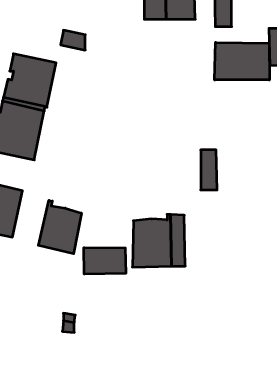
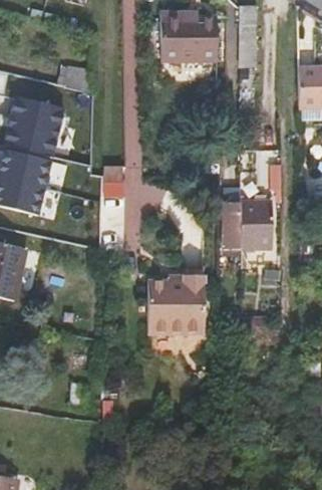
building: [215,42,269,80] -> none
building: none -> [240,203,272,248]
building: [38,200,81,254] -> none
building: [84,248,126,274] -> none

